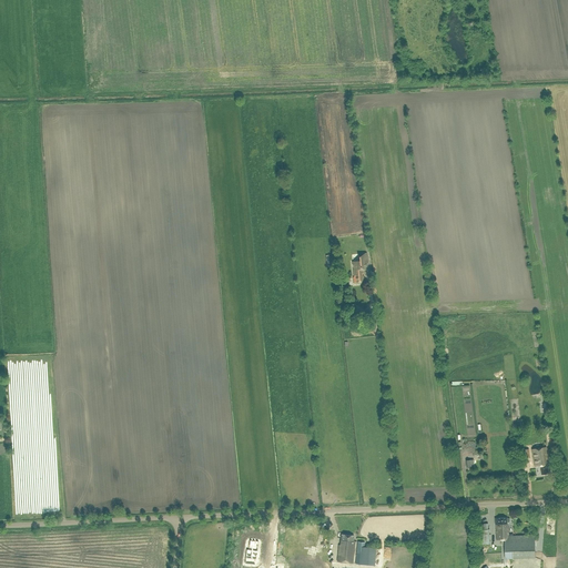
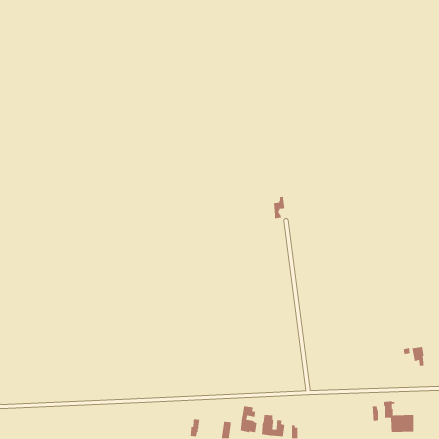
building: none -> [240,406,258,433]

